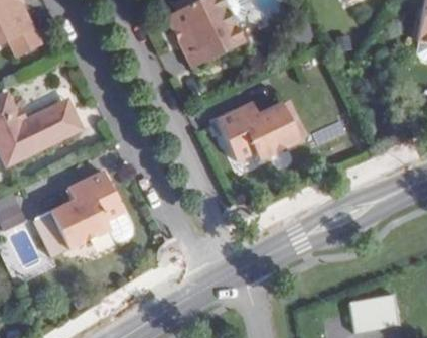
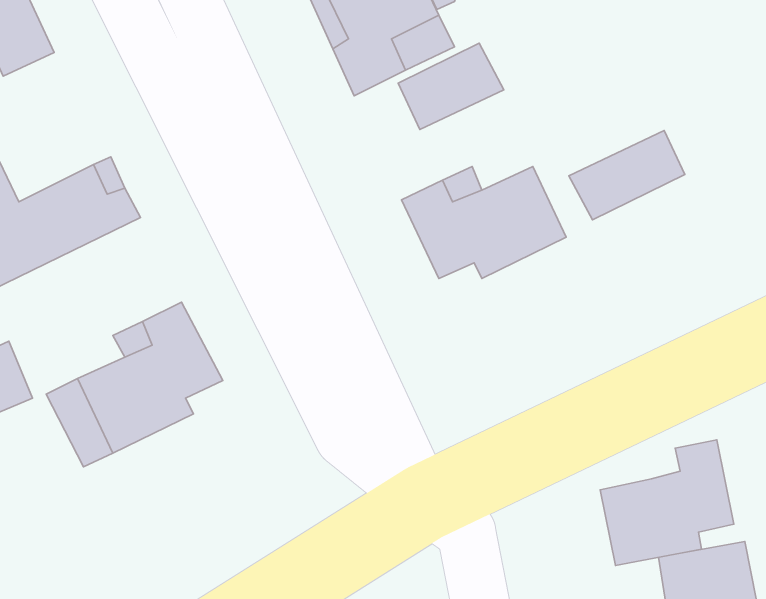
building: none -> [398,43,504,129]
building: none -> [569,131,685,220]
building: none -> [600,440,734,565]

